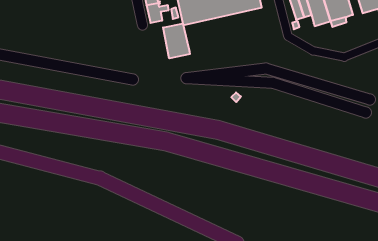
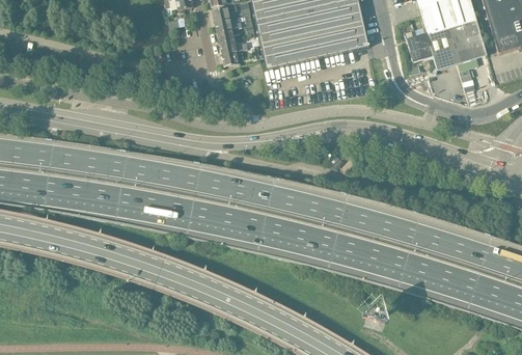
building: [163,24,190,58] -> none

